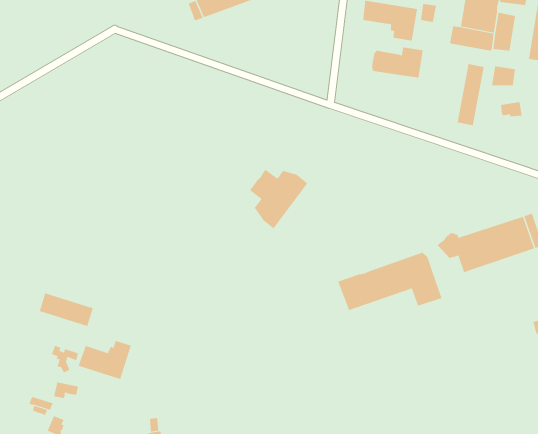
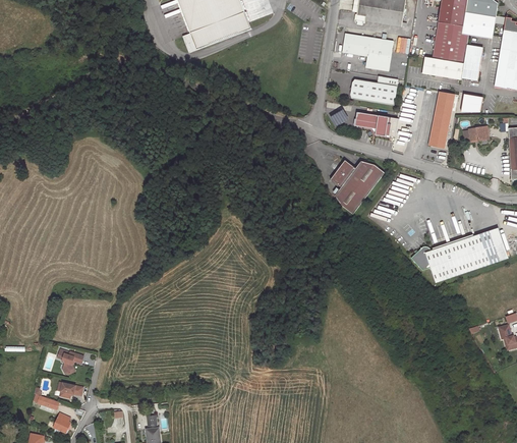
building: none -> [355,111,391,135]
building: [249,169,308,229] -> [331,159,385,214]
building: [337,252,442,311] -> none
building: [39,292,93,327] -> none
building: [78,340,131,380] -> none

